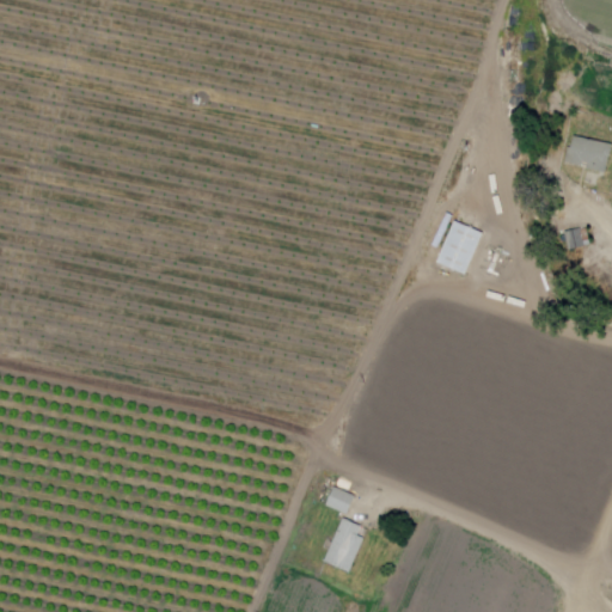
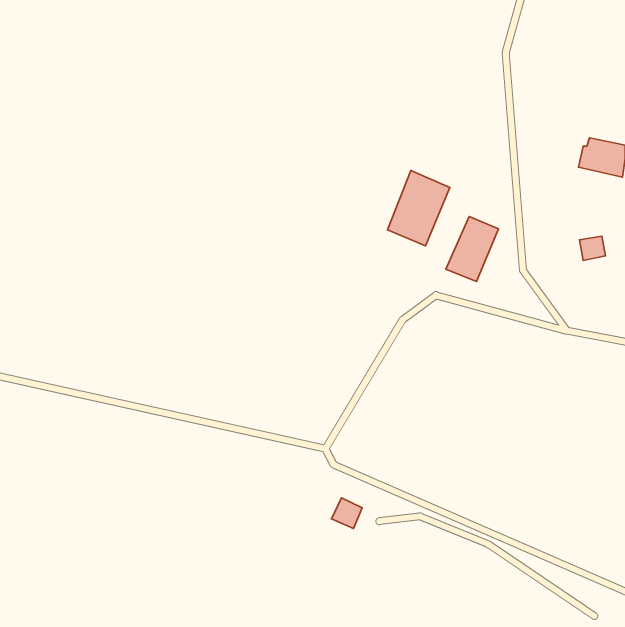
building: none -> [387,170,450,246]
building: [320,518,362,573] -> none

